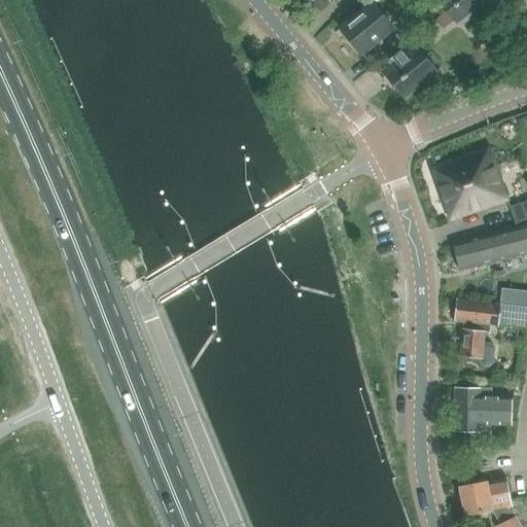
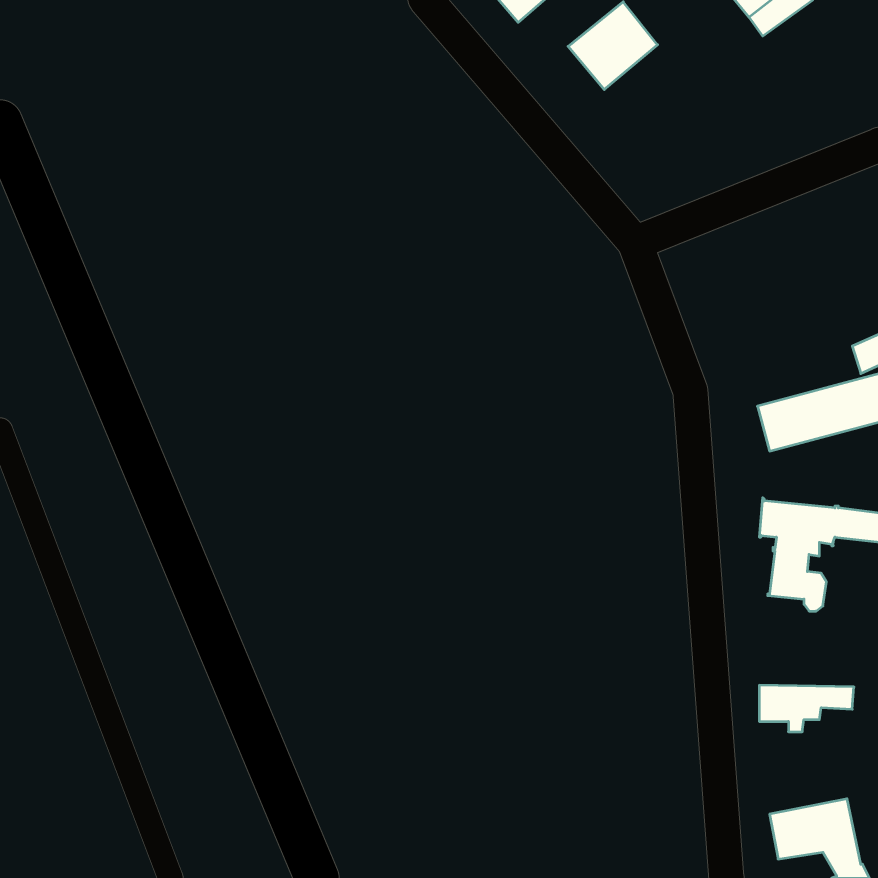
building: [381,41,437,97] -> none
building: [433,147,507,219] -> none
building: [455,387,513,411] -> none

